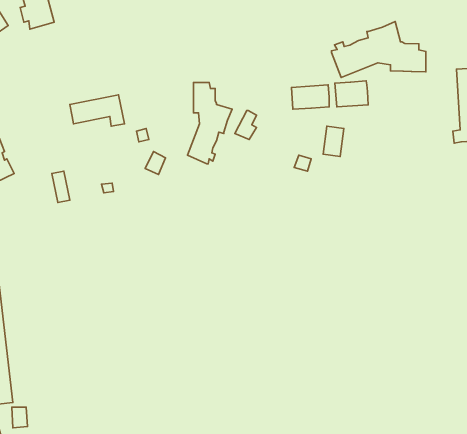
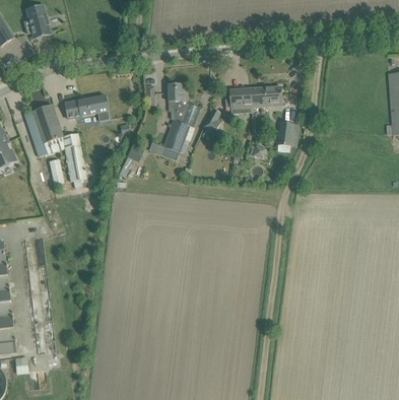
building: [331,21,426,77] -> none
building: [335,81,368,107] -> none
building: none -> [224,87,251,113]
building: none -> [24,104,86,182]

